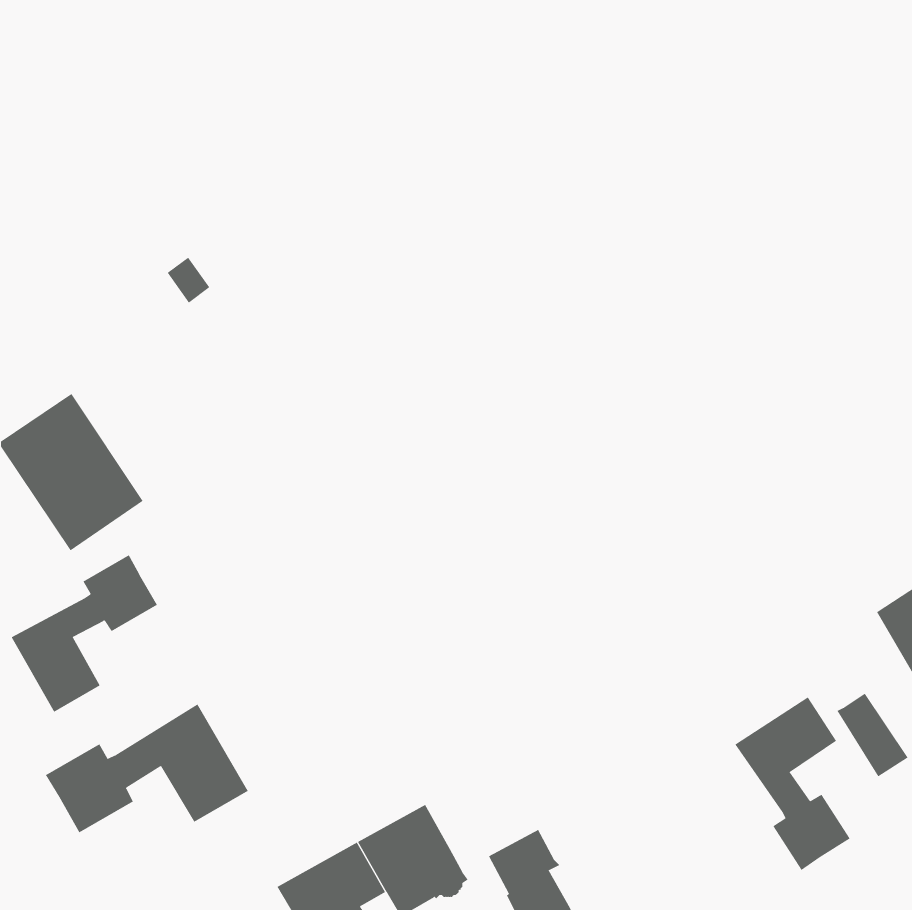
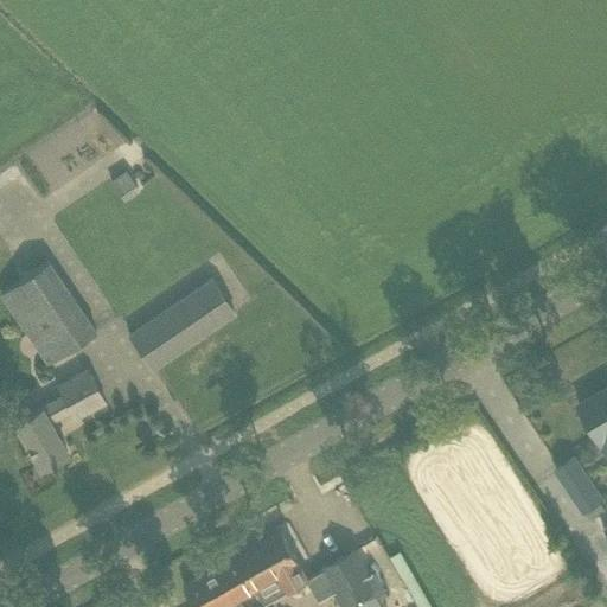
building: none -> [132,283,237,372]
building: [735,696,850,871] -> none
building: [45,704,248,833] -> none

